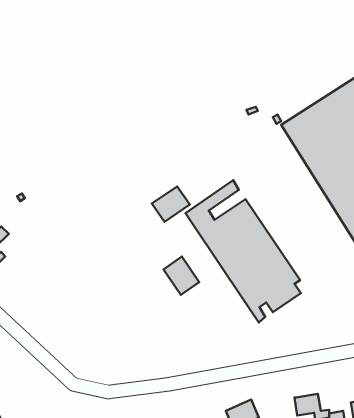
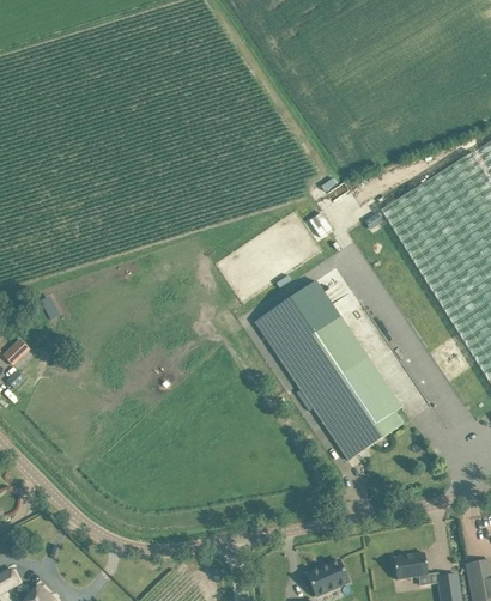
building: [152,186,190,222] -> none
building: [164,257,199,295] -> none

